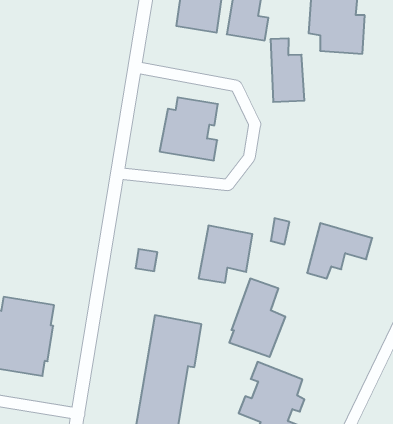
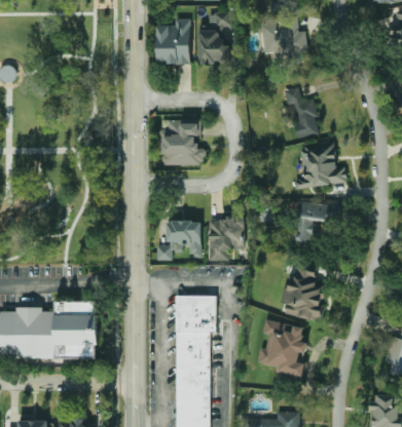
building: [270,38,304,102] -> [285,86,320,139]
building: none -> [294,143,346,188]
building: none -> [166,220,202,255]
building: [229,279,285,357] -> [285,260,326,319]

